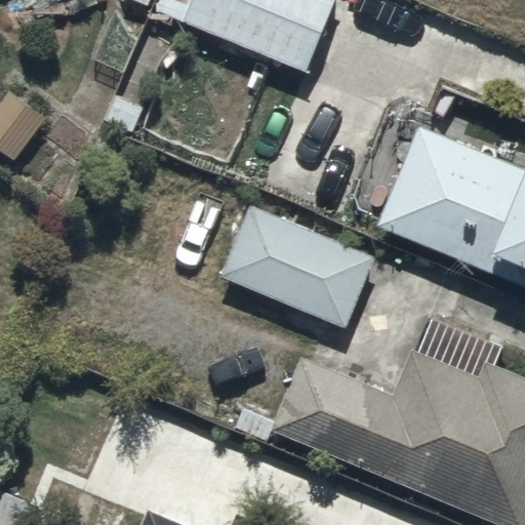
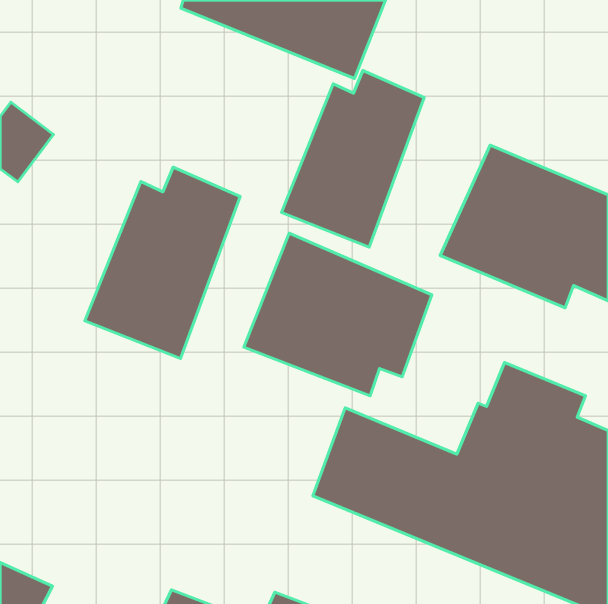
building: none -> [281,70,424,247]
building: none -> [85,167,240,359]

